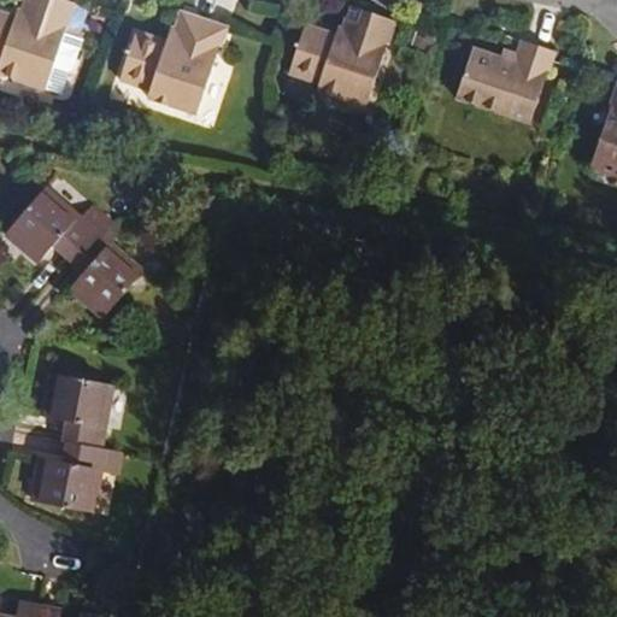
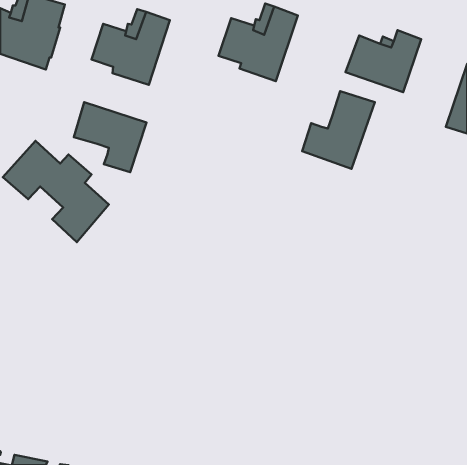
building: none -> [302,91,375,169]
building: none -> [74,102,146,172]
building: [31,371,123,512] -> none

